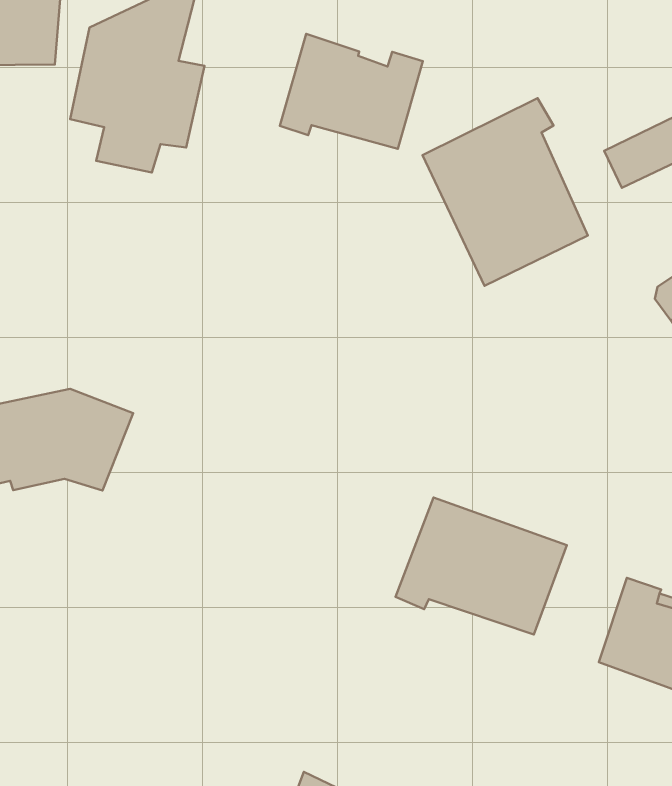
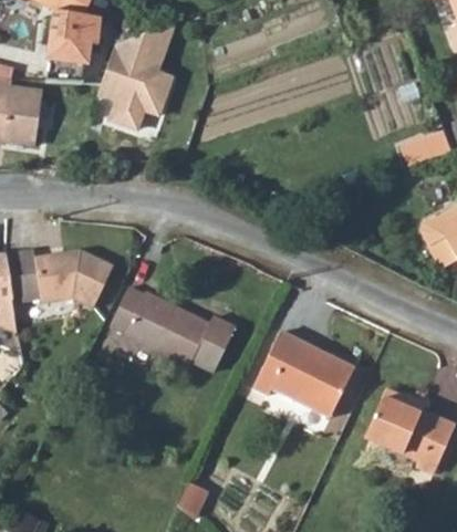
building: [280,34,423,149] -> none
building: [423,98,588,286] -> none
building: none -> [107,288,233,372]

